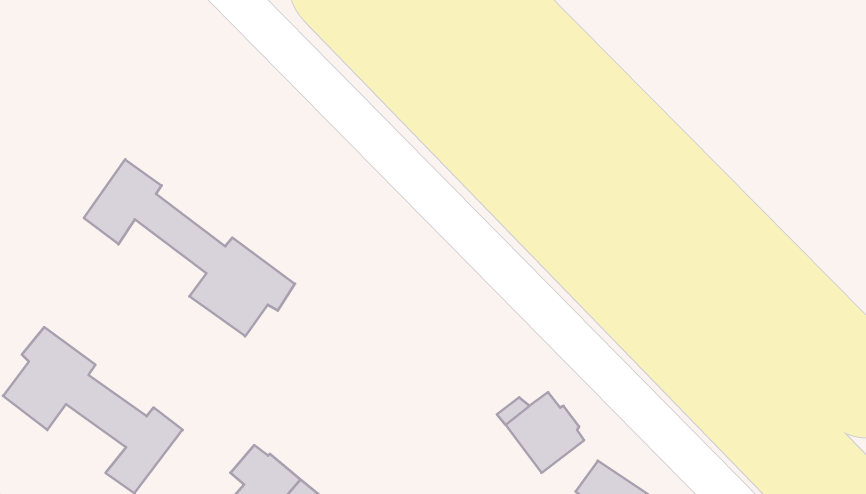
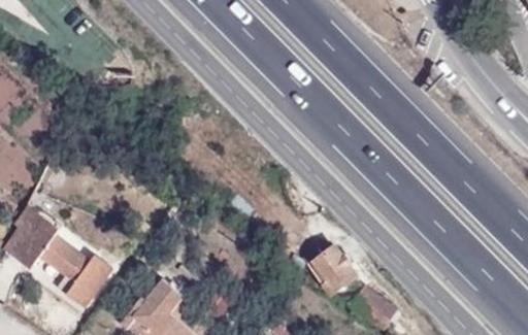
building: [84,159,295,336] -> none

